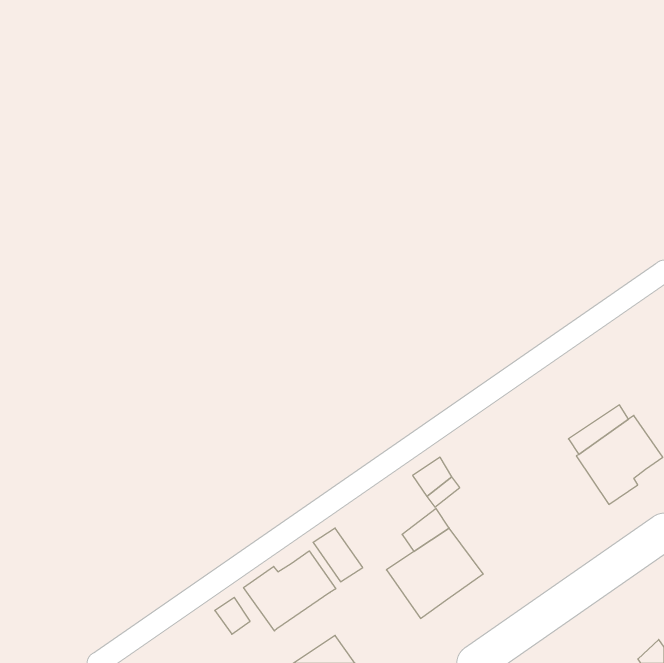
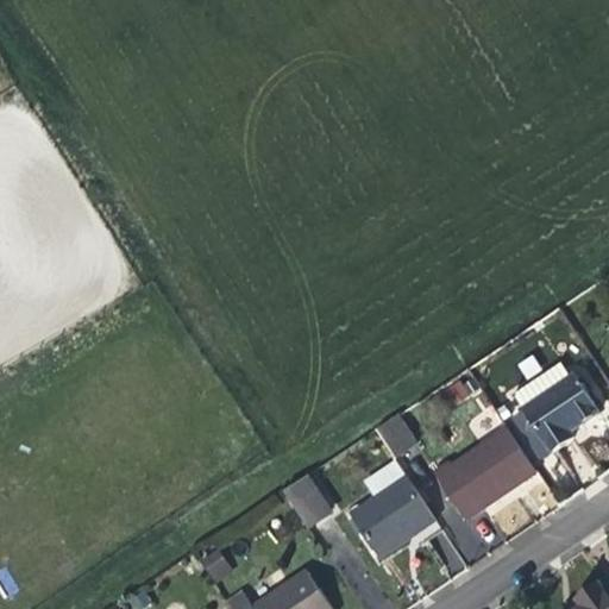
building: none -> [438,426,533,511]
building: [244,551,336,631] -> none

